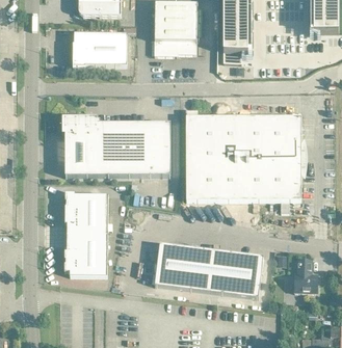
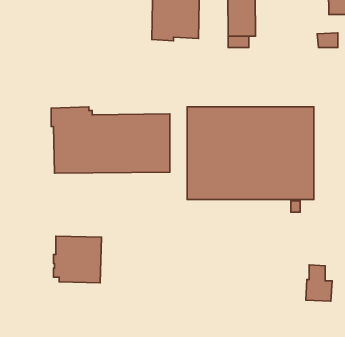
building: [73,32,127,65] -> none
building: [64,191,108,234] -> none
building: [155,242,263,297] -> none

